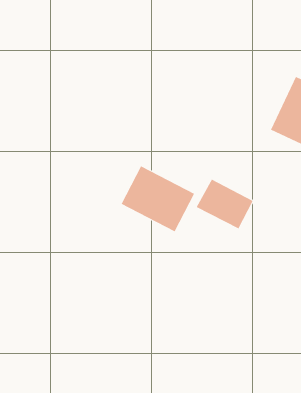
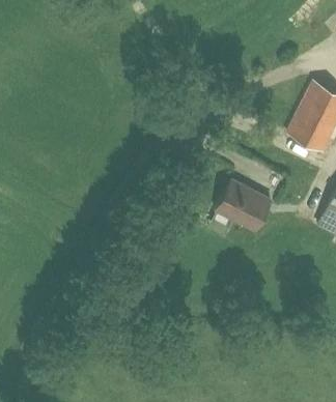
building: [121,165,195,232] -> none

